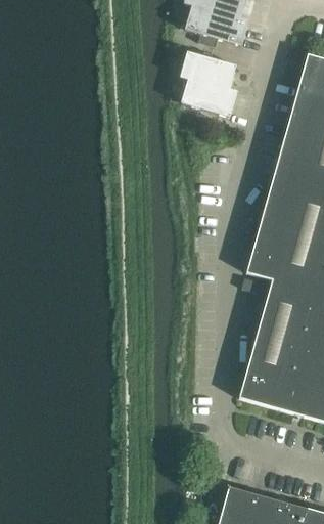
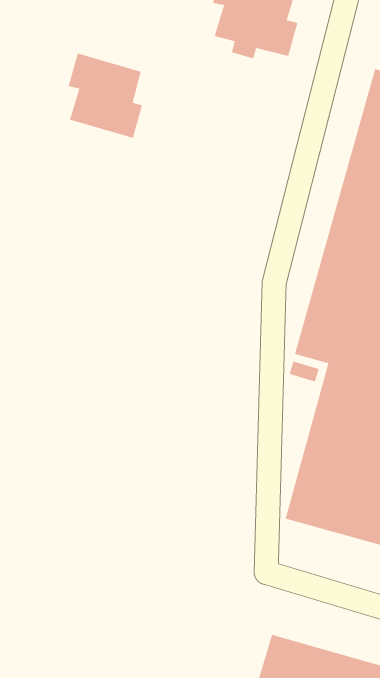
building: [180,51,237,117] -> [68,53,143,139]

